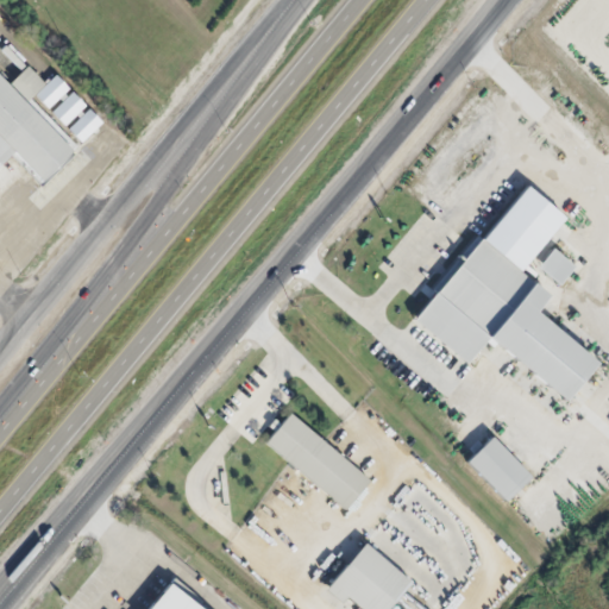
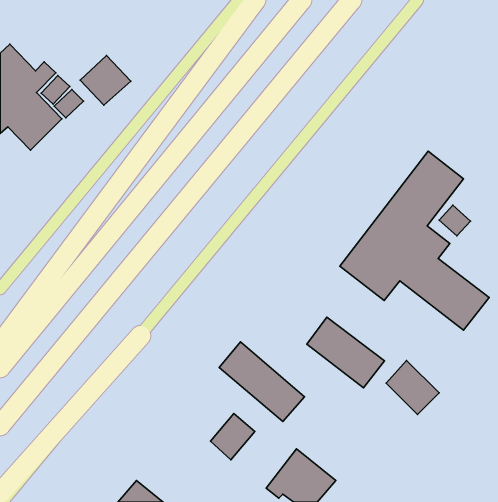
building: none -> [80,55,131,105]
building: none -> [307,317,385,388]
building: none -> [210,414,255,460]

